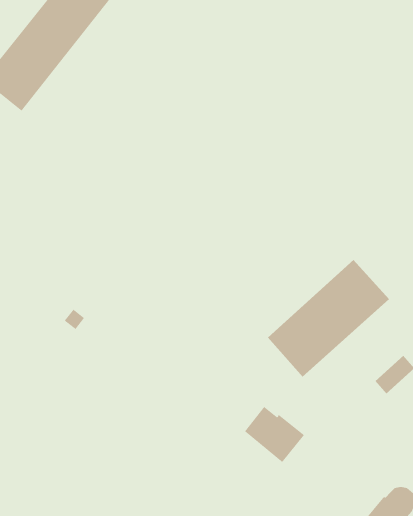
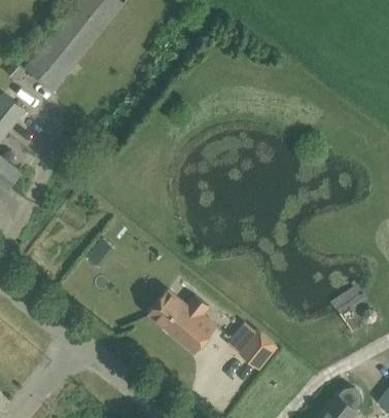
building: [267,259,390,377] -> none
building: none -> [148,290,215,353]

